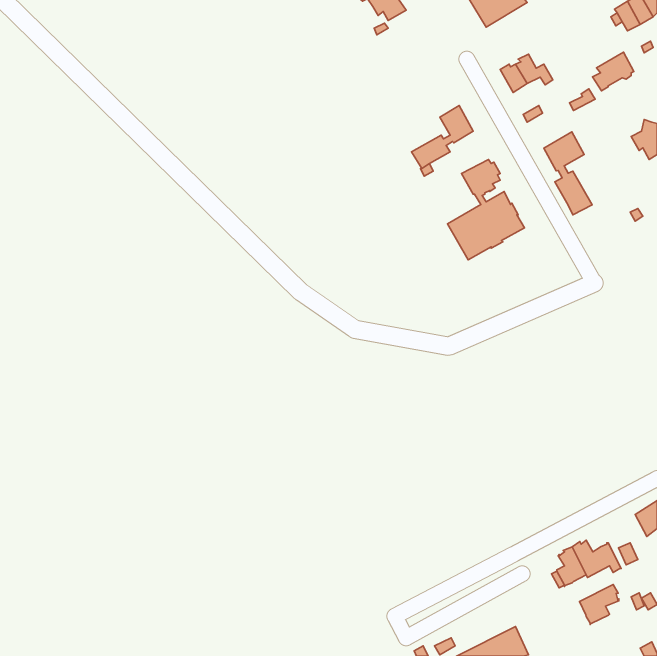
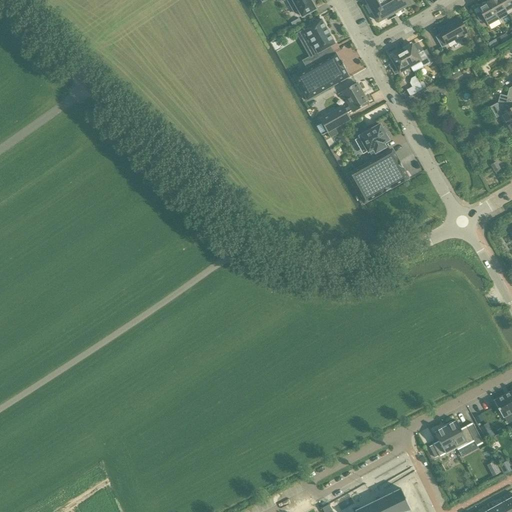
building: none -> [293,18,349,100]
building: [593,52,634,91] -> [435,17,467,47]
building: [544,132,592,215] -> none
building: [579,585,619,625] -> none

